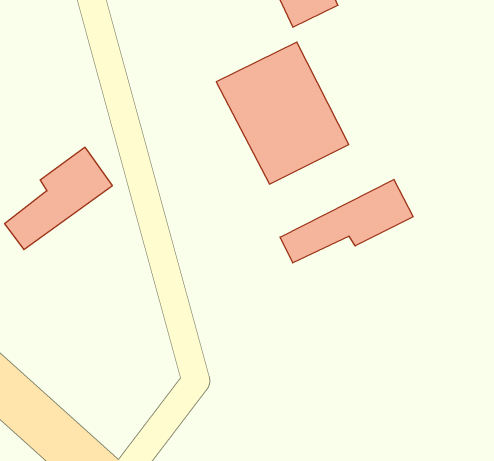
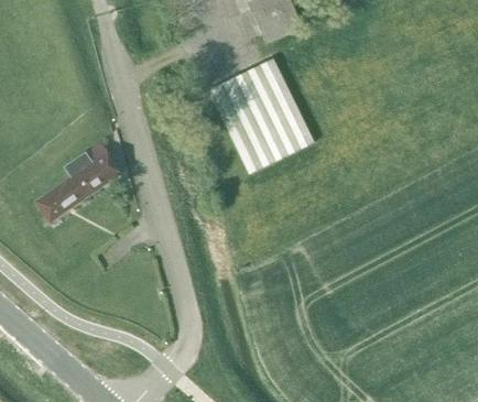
building: [280,179,413,263] -> none

